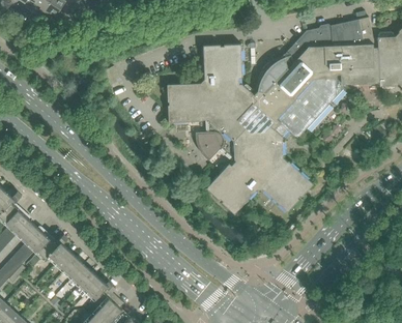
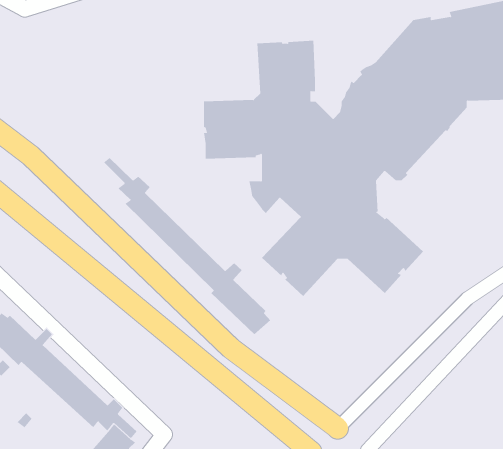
building: none -> [103,157,271,335]

